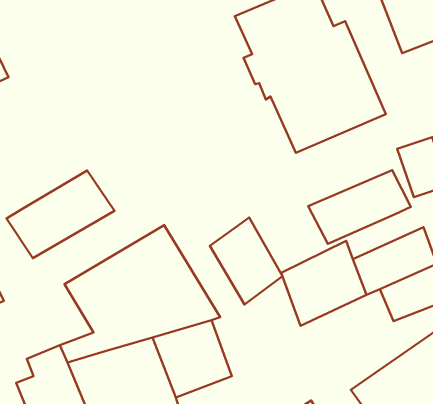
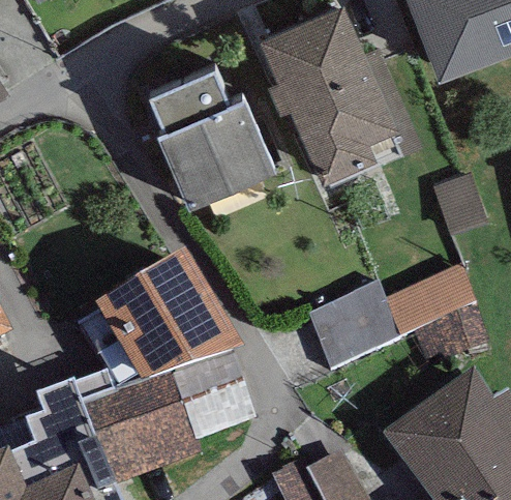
building: none -> [147,65,275,208]
building: [308,170,411,244] -> none
building: [7,170,114,258] -> none
building: [210,218,283,304] -> none

